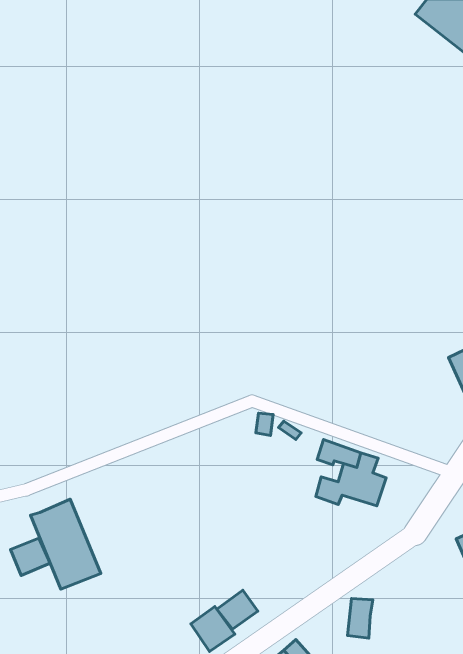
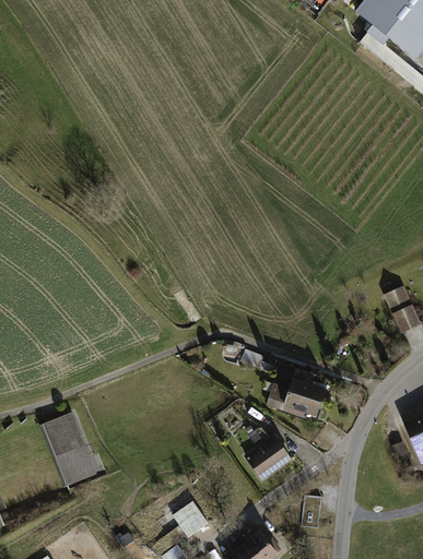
building: none -> [243,435,291,481]
building: [11,538,50,575] -> none
building: [217,590,258,629] -> none

